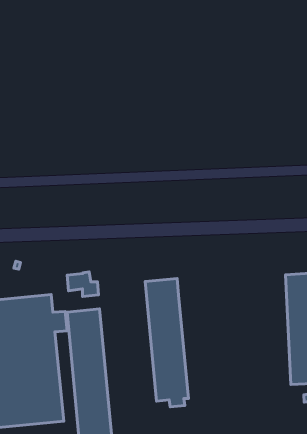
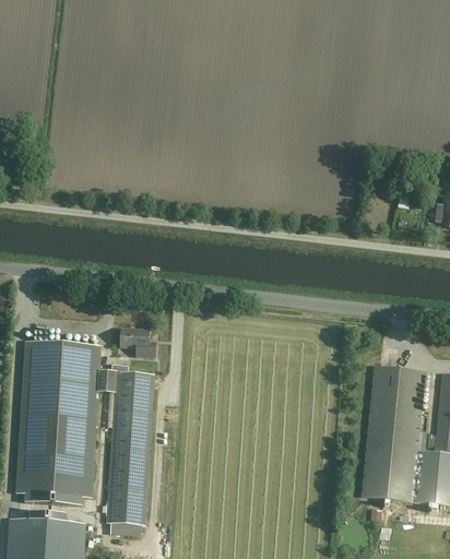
building: [145,279,188,407] -> none

